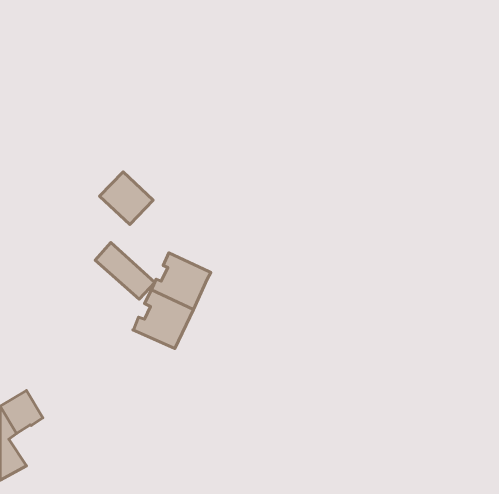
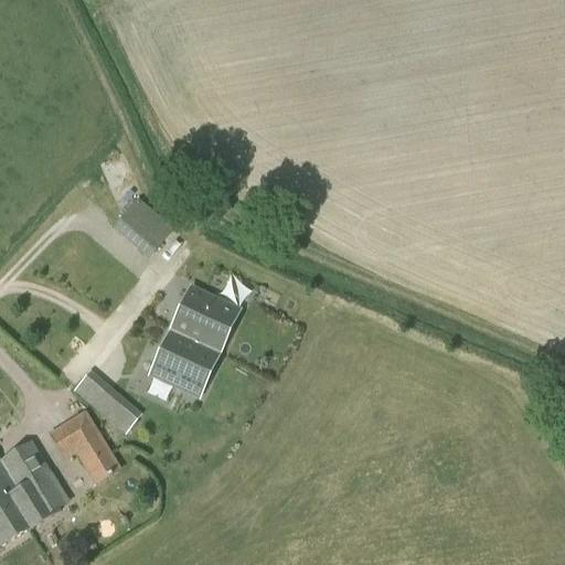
building: [95,242,155,299] -> [74,365,141,429]
building: none -> [47,411,120,486]
building: none -> [10,472,60,527]

